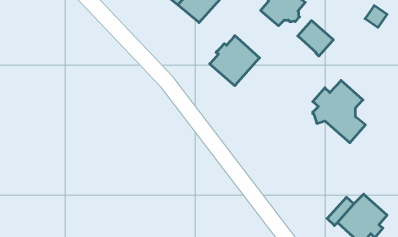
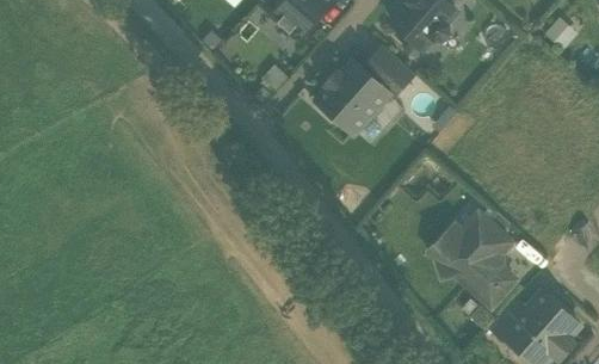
building: [298,21,333,56] -> [362,47,414,99]
building: [313,80,365,143] -> [436,215,513,307]

